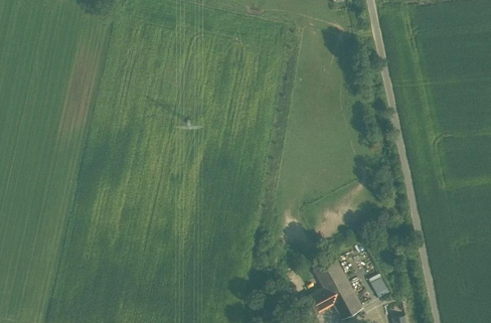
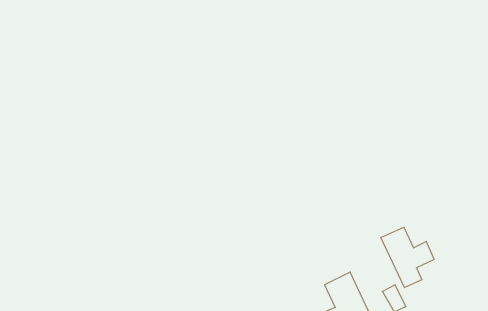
building: none -> [381,227,434,288]

